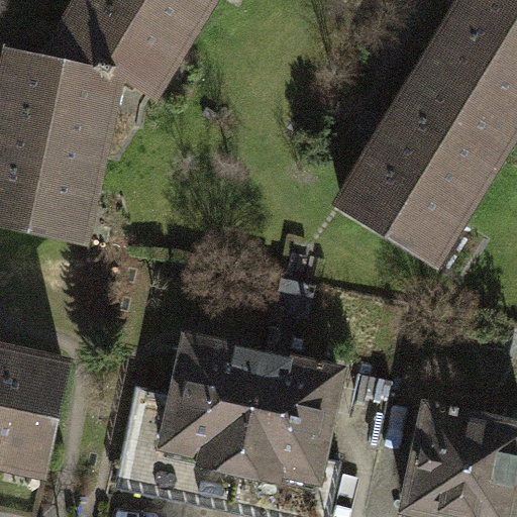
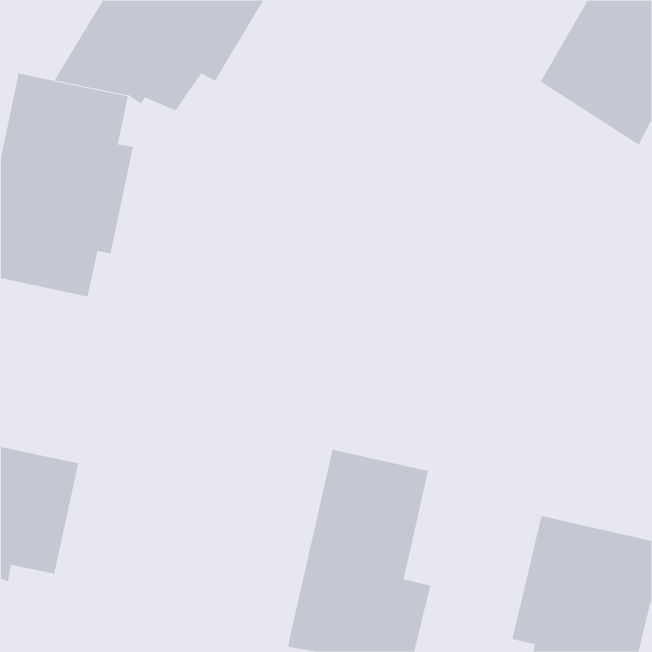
building: [344,65,506,252] -> none
building: [116,338,263,503] -> none

